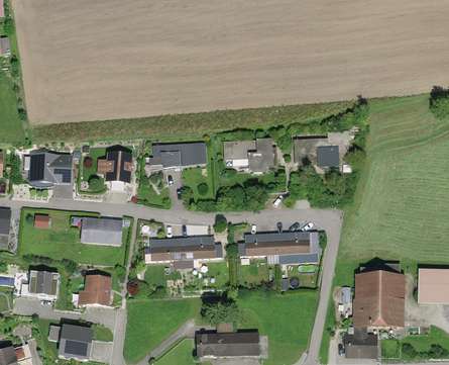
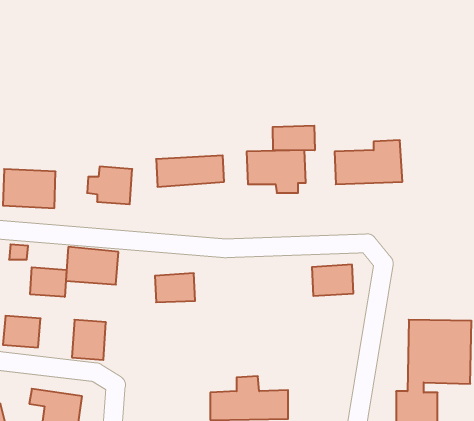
building: none -> [273,126,315,151]
building: [244,233,277,257] -> none
building: none -> [30,267,66,297]
building: [182,237,214,260] -> none

